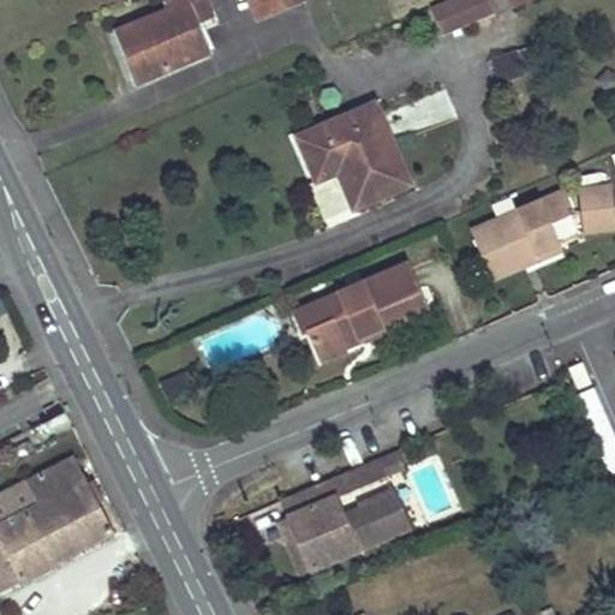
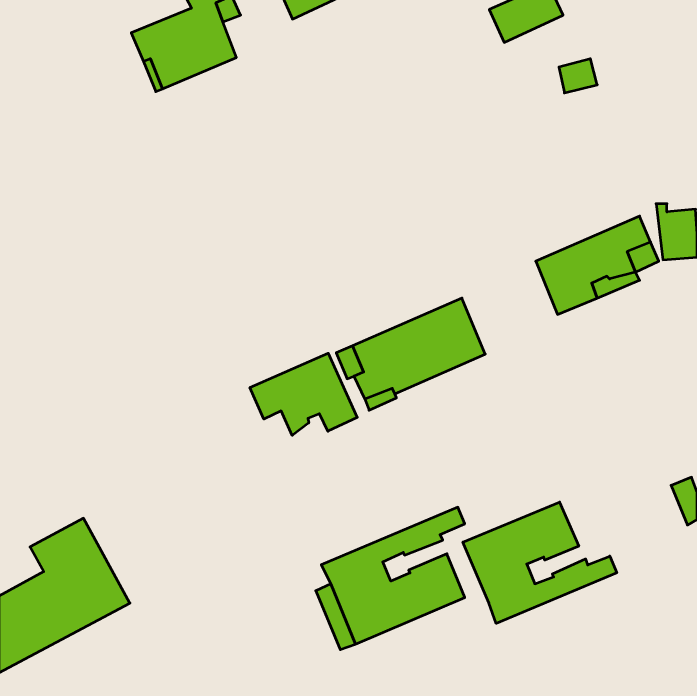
building: [299,103,410,205] -> none
building: none -> [250,353,357,435]
building: none -> [463,502,617,623]

